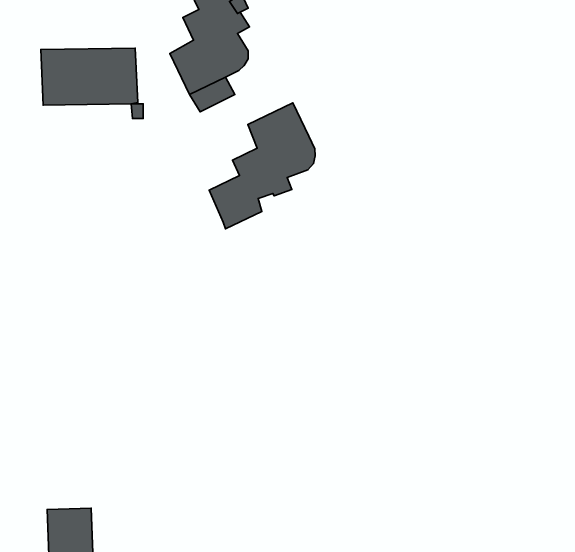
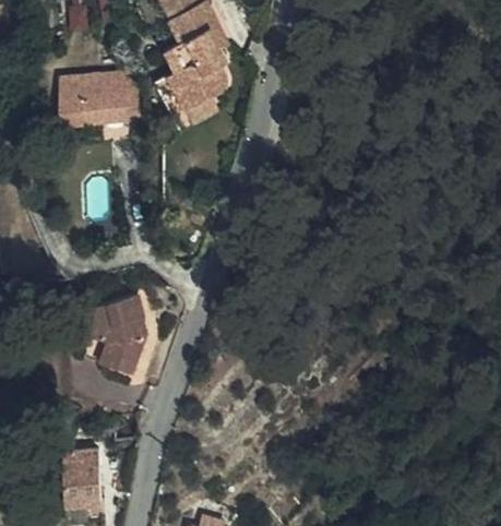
building: [209,103,315,229] -> none
building: none -> [82,289,152,369]

